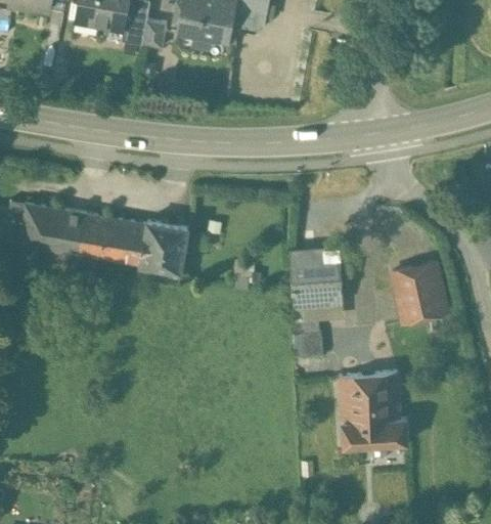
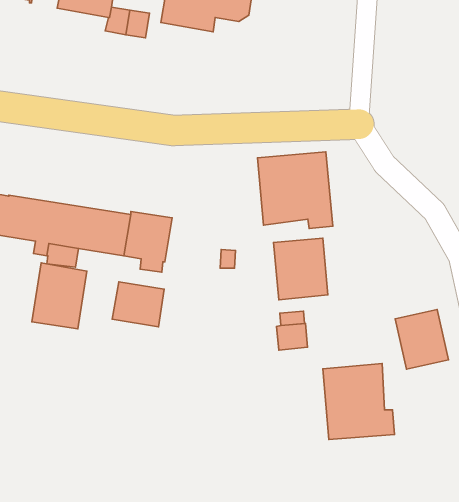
building: none -> [258,152,333,228]
building: [393,263,446,322] -> [395,310,448,369]
building: none -> [32,263,87,329]
building: none -> [112,282,164,327]

